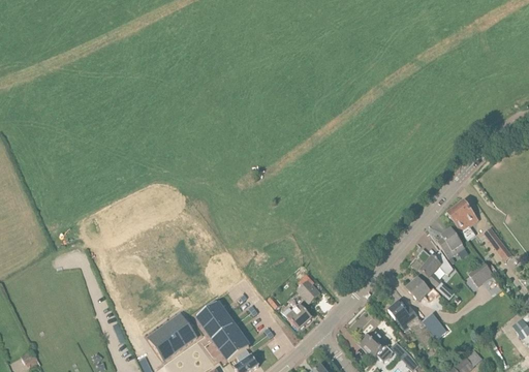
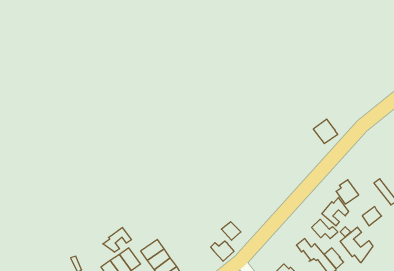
building: [447,200,477,230] -> [313,119,338,144]
building: none -> [340,227,373,263]
building: none -> [103,227,131,252]

